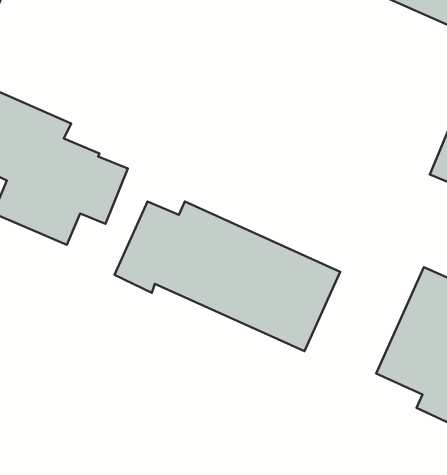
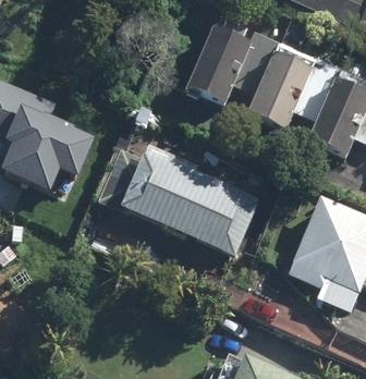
building: none -> [198,16,265,95]
building: none -> [260,37,326,118]

